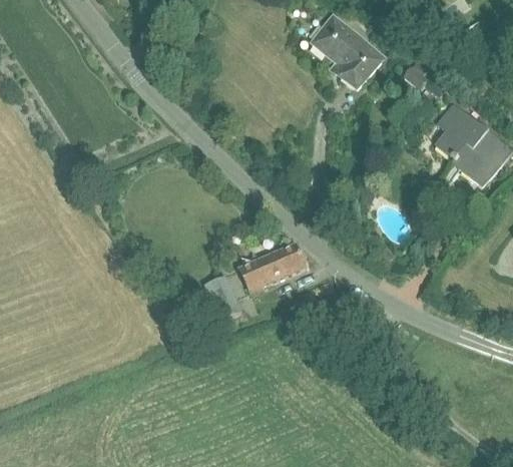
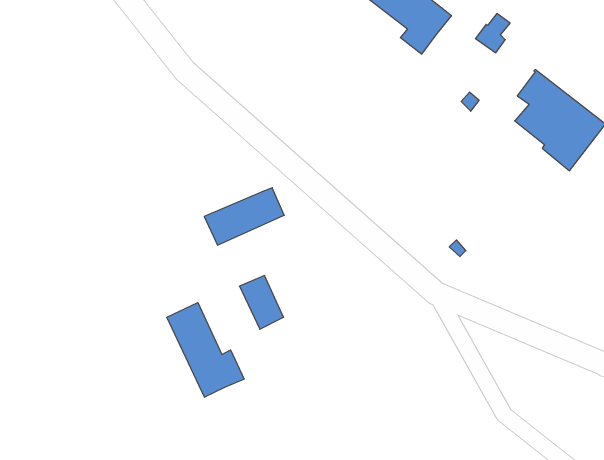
building: [239,244,307,292] -> [204,188,284,245]
building: none -> [167,303,244,397]

